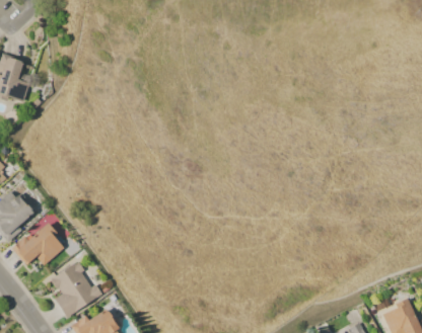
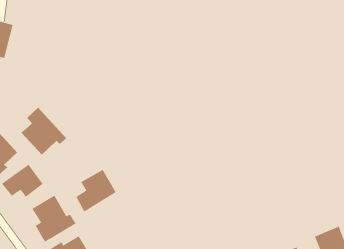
building: none -> [20,107,67,155]
building: none -> [75,169,117,212]

